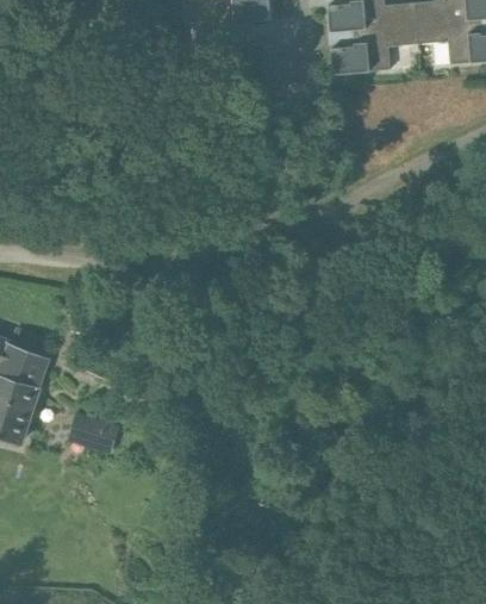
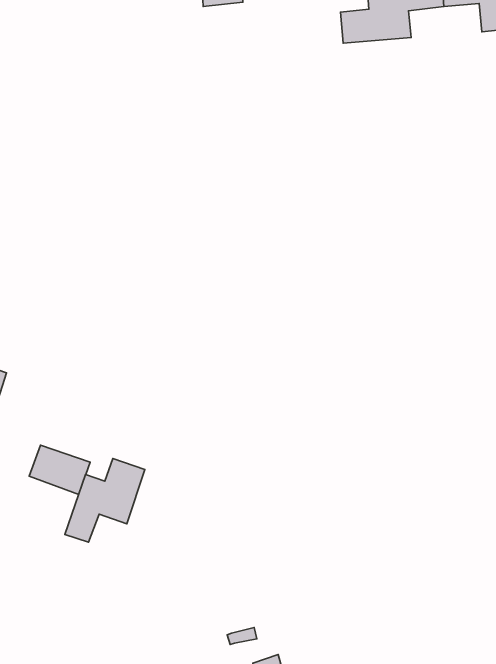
building: none -> [65,458,145,542]

